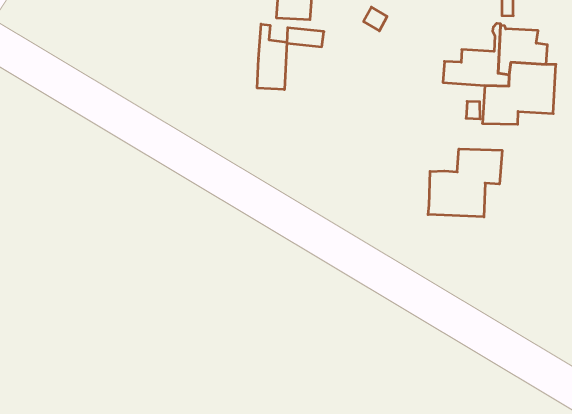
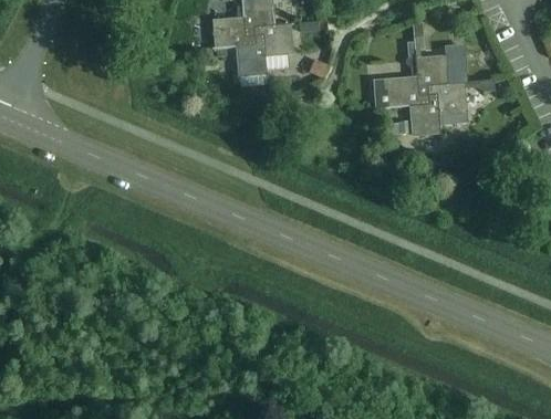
building: [257,24,287,90] -> none
building: [428,149,502,217] -> none

